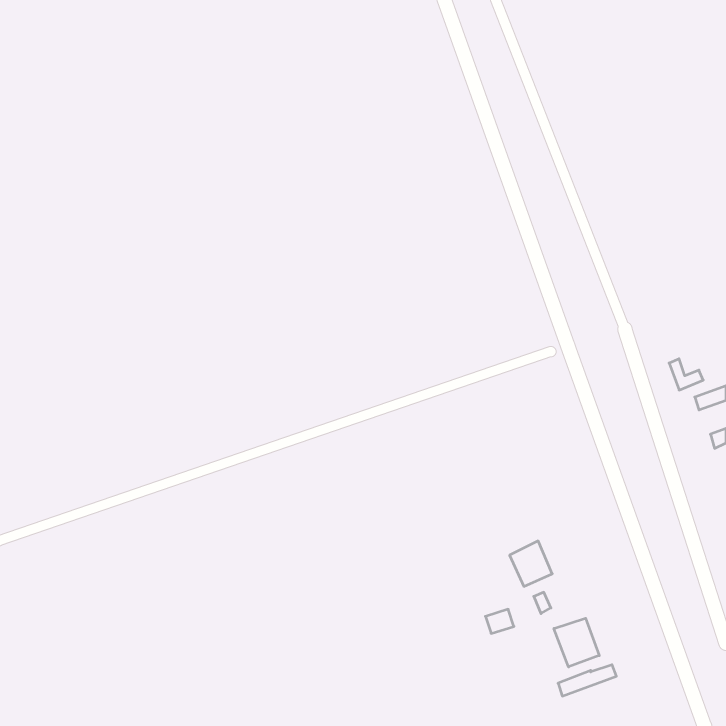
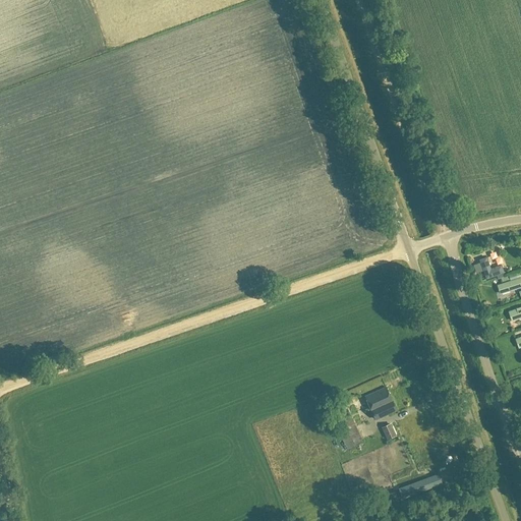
building: [554,618,599,667] -> none

